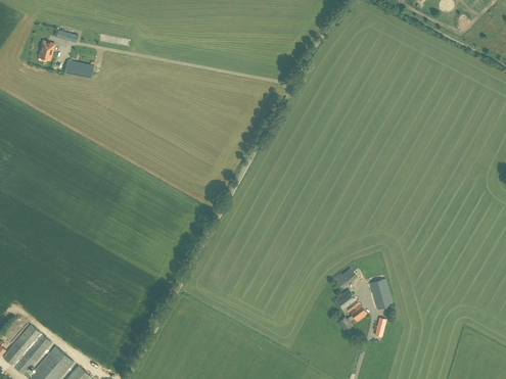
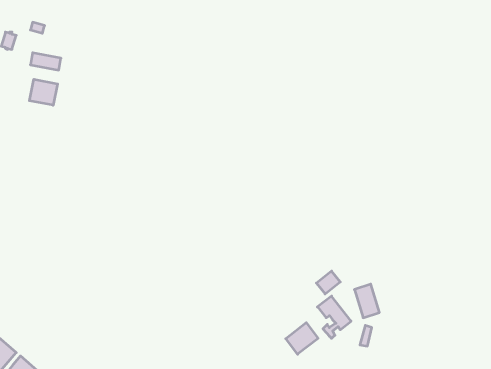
building: none -> [29,79,58,105]
building: none -> [286,323,318,354]

